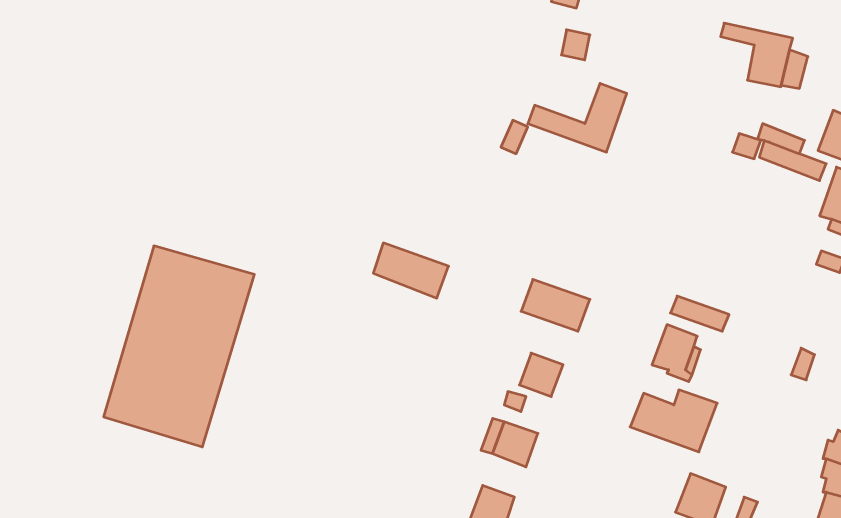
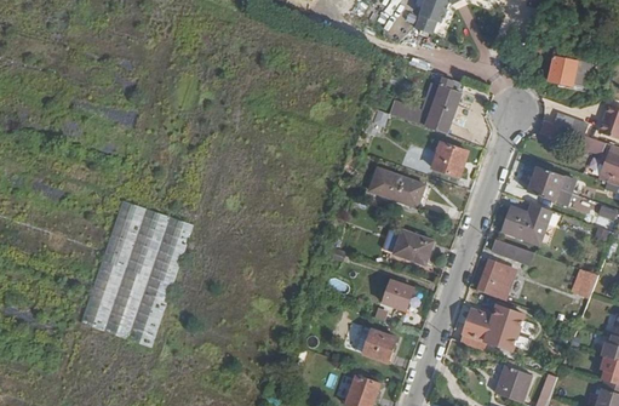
building: none -> [431,142,466,176]
building: none -> [527,165,574,204]
building: [373,243,449,298] -> [369,167,424,207]
building: none -> [503,202,550,242]

